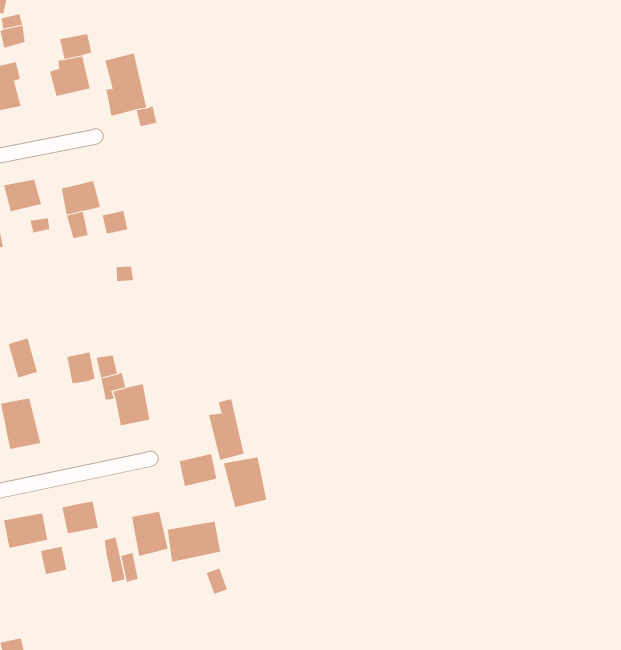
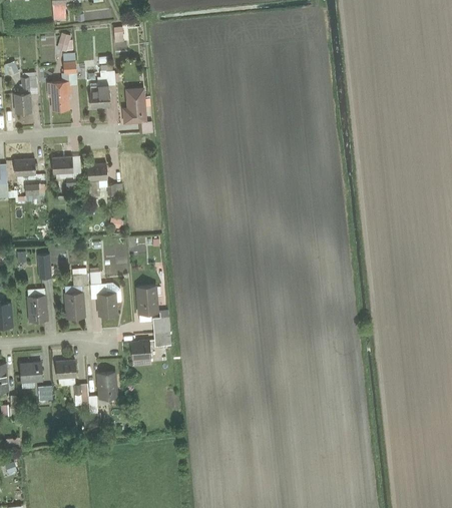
building: none -> [135,287,159,315]
building: none -> [66,292,86,319]
building: [223,456,267,508] -> none
building: [167,521,221,563] -> none

